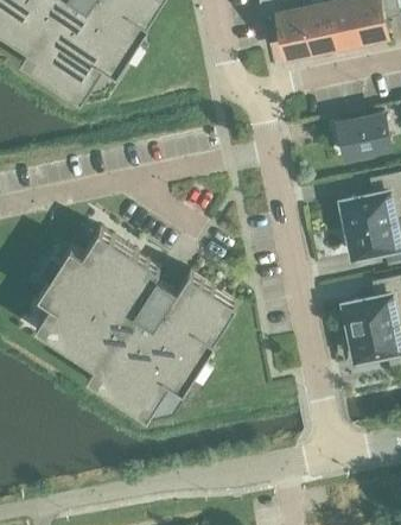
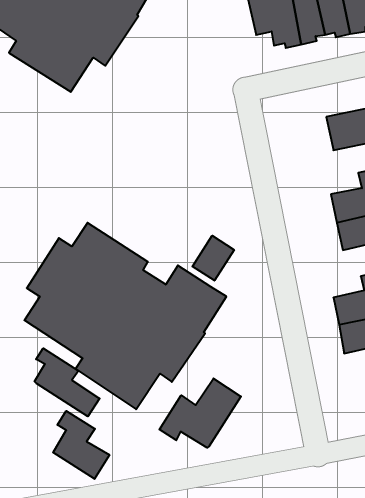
building: none -> [192,236,234,281]
building: none -> [35,348,100,416]
building: none -> [159,378,241,448]
building: none -> [53,411,109,479]

